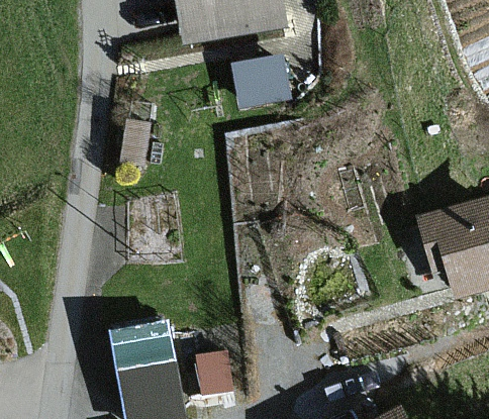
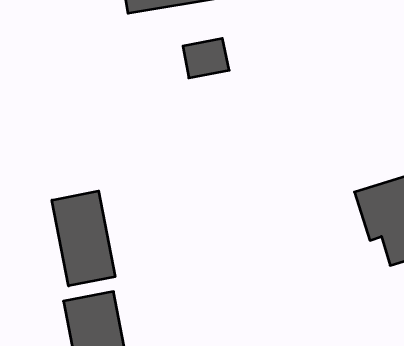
building: none -> [52,191,115,286]

